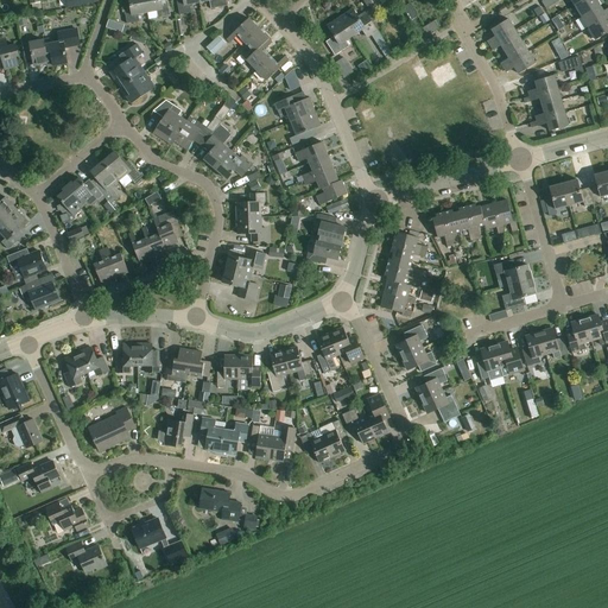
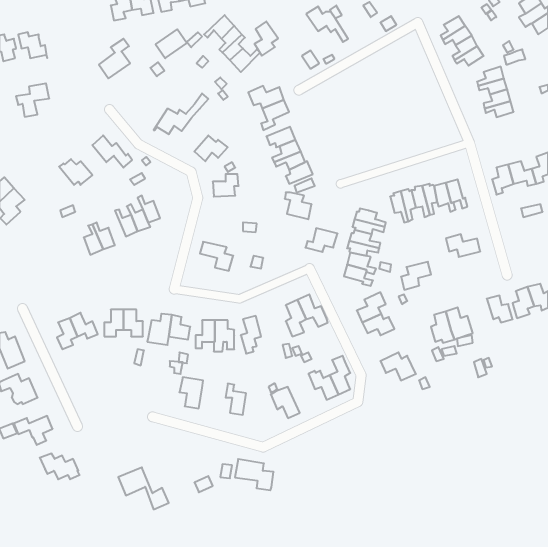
building: [325,15,352,53] -> [254,21,278,56]
building: [43,27,80,64] -> [16,83,49,117]
building: [120,70,154,102] -> [156,29,187,58]
building: [152,99,185,144] -> none
building: [203,122,232,167] -> none
building: [89,160,119,203] -> none
building: [56,184,82,222] -> none
building: [236,216,265,240] -> none
building: [305,236,341,262] -> [305,228,338,252]
building: [6,247,45,279] -> none
building: [224,249,265,273] -> none
building: [18,278,58,309] -> none
building: [501,278,534,309] -> [401,262,431,290]
building: [521,330,545,365] -> none
building: [283,346,312,379] -> none
building: [414,366,446,399] -> none
building: [88,406,134,450] -> none
building: [157,412,192,445] -> none
building: [318,418,346,456] -> none
building: [220,422,247,454] -> none
building: [268,425,294,461] -> none
building: [197,487,240,521] -> [235,459,274,490]
building: [65,540,106,571] -> none

